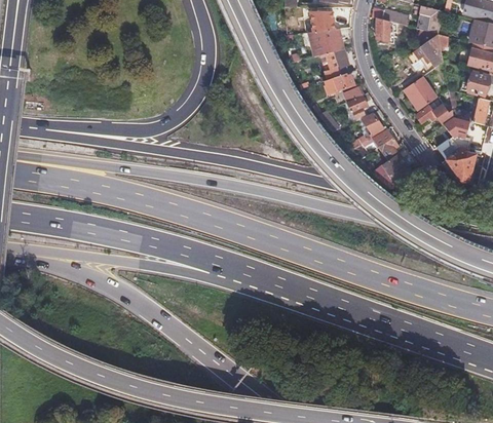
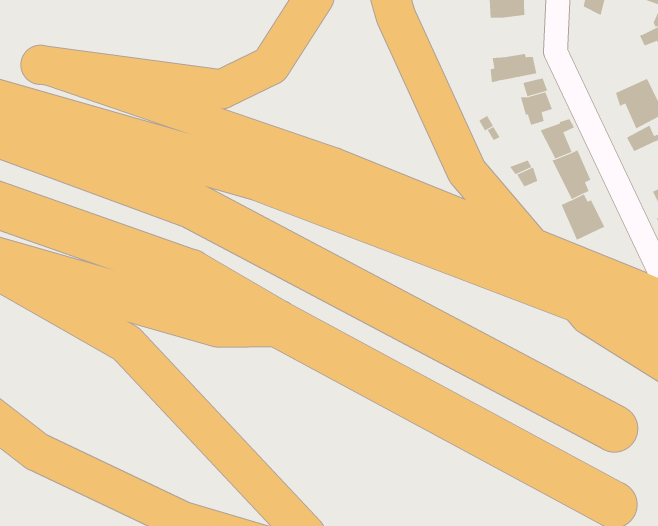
building: [327,49,349,77] -> none

